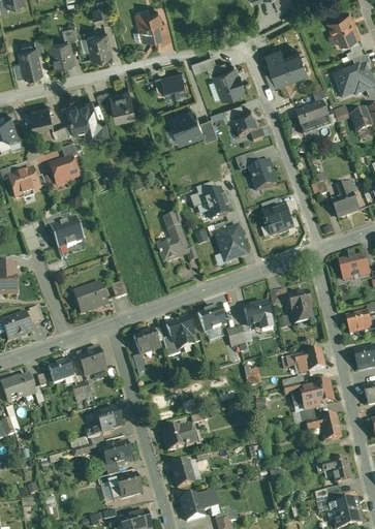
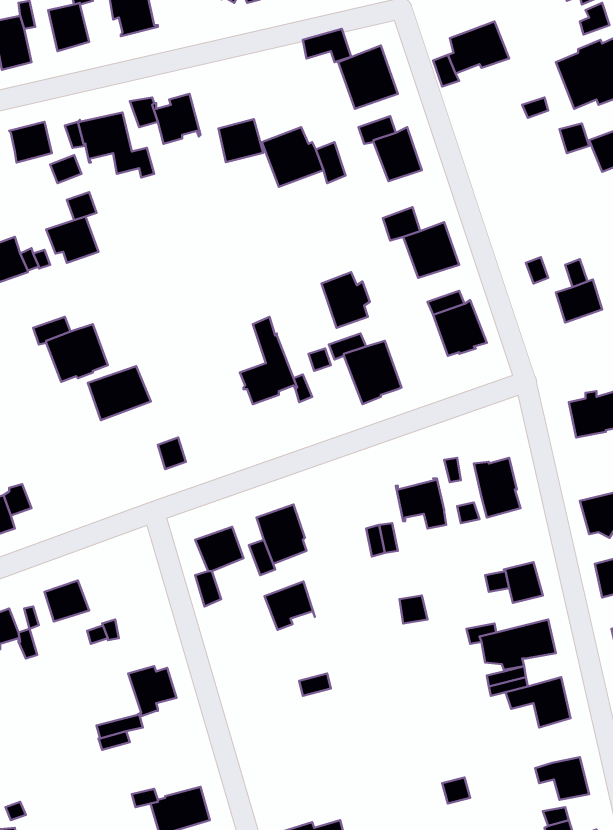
building: [161,70,186,94] -> [218,119,263,162]
building: [296,102,332,133] -> none
building: [73,282,108,312] -> [88,366,151,420]
building: [197,305,225,332] -> [265,581,315,630]
building: [77,348,105,376] -> none
building: [161,426,195,450] -> none
building: [98,441,131,463] -> none
building: [170,461,193,487] -> none

